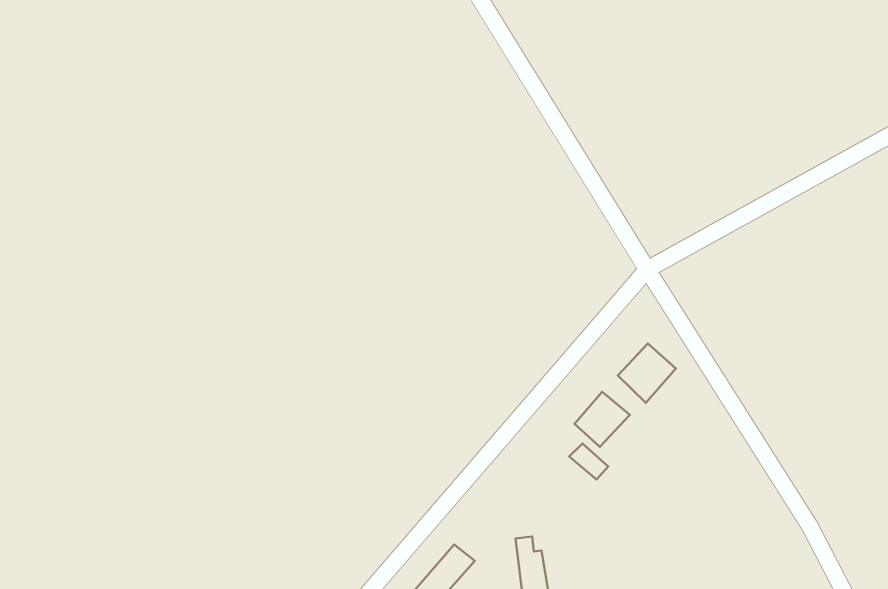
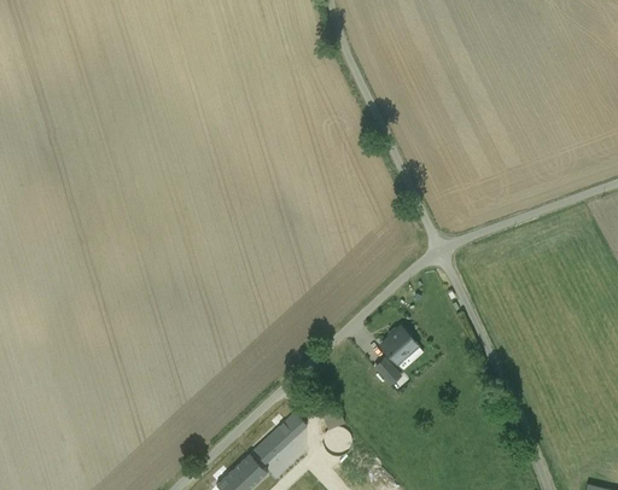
building: [618,343,676,403] -> none

